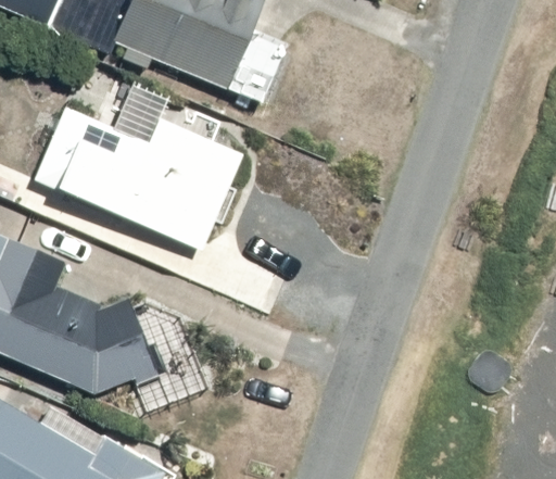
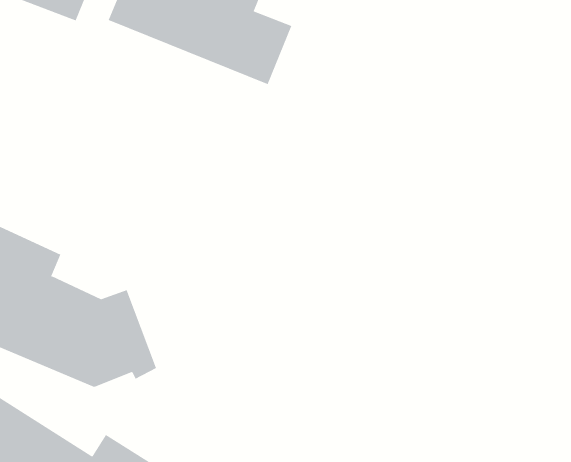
building: [33,105,240,249] -> none

